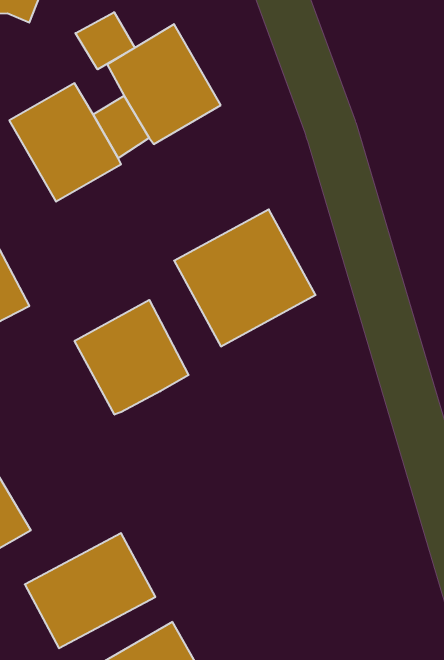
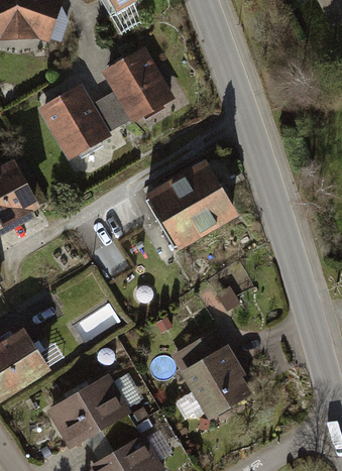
building: [75,12,135,69] -> none
building: [75,300,189,415] -> none
building: none -> [173,326,256,418]

